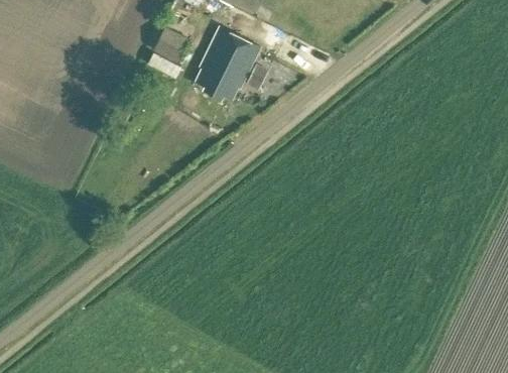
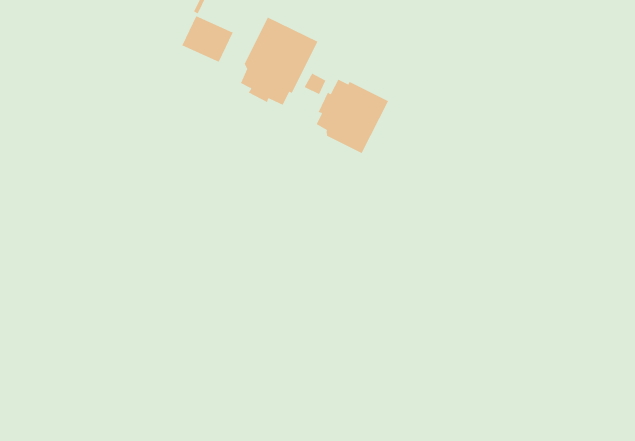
building: none -> [316,79,389,154]

